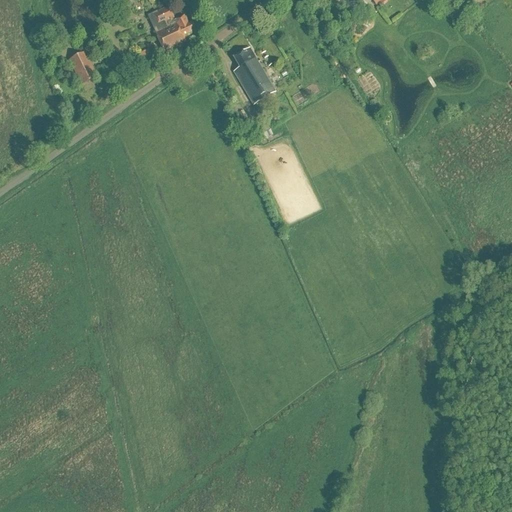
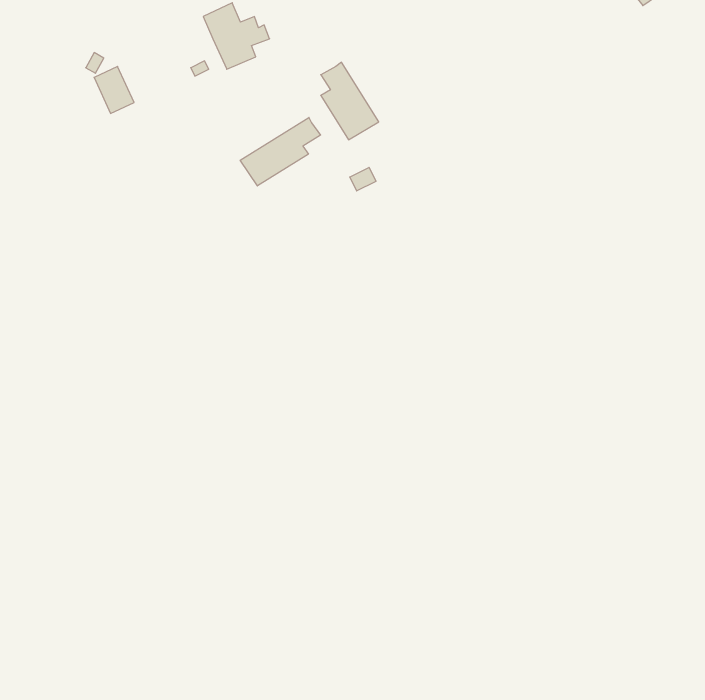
building: none -> [240,117,321,186]

